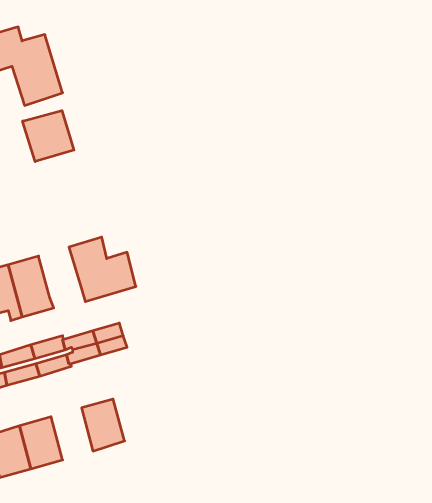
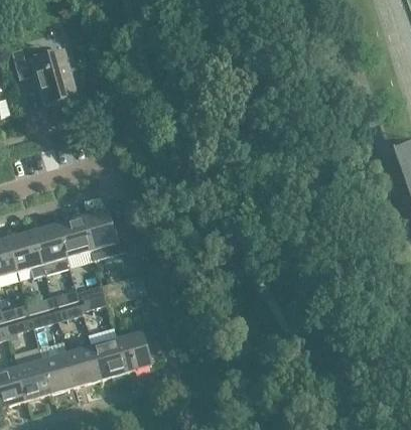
building: [23,111,74,162] -> none
building: none -> [56,217,91,257]
building: none -> [116,329,151,371]
building: none -> [66,344,100,386]

